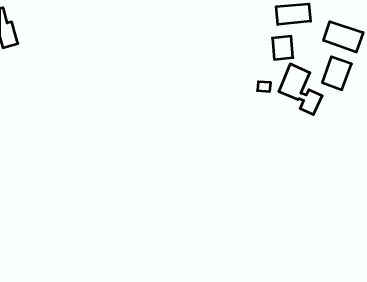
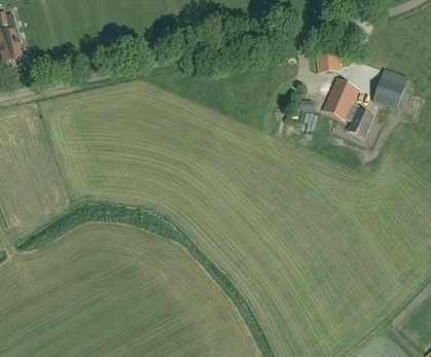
building: [276,4,311,25] -> none
building: [324,22,363,52] -> none

